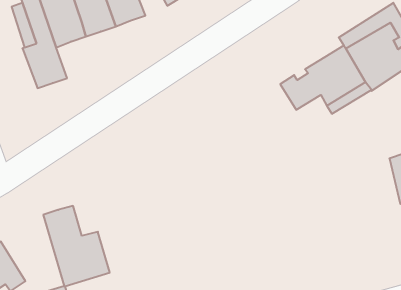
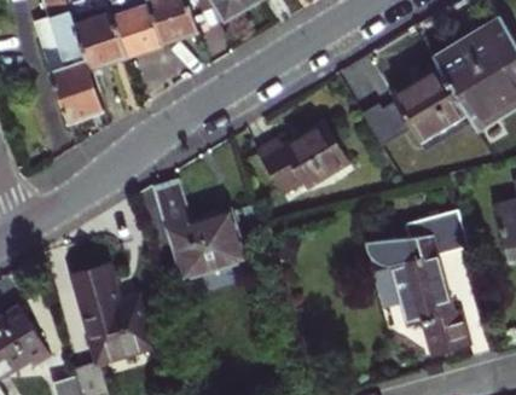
building: none -> [256,120,349,193]
building: none -> [158,185,244,277]
building: none -> [365,208,470,358]

